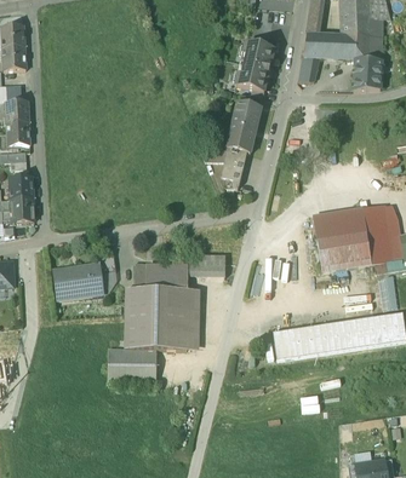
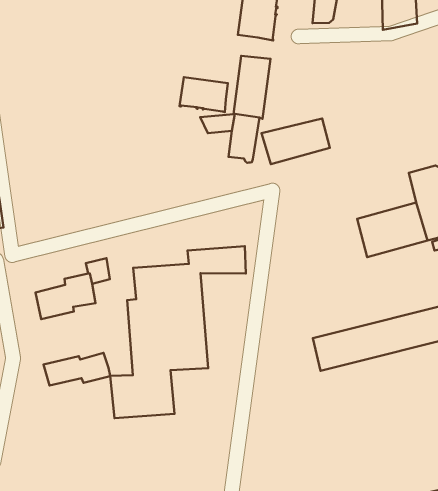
building: none -> [180,77,228,112]
building: [313,207,366,240] -> [262,118,330,164]
building: none -> [44,353,110,386]

